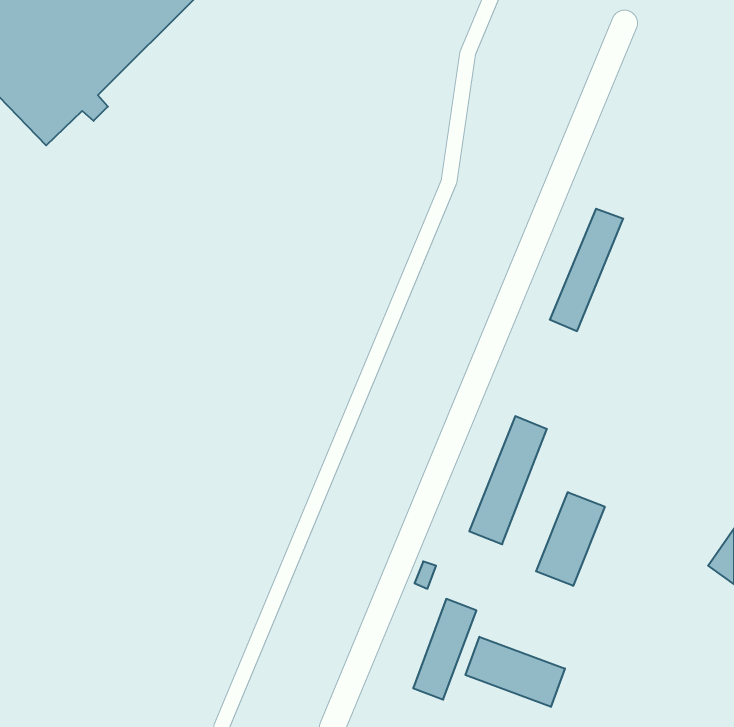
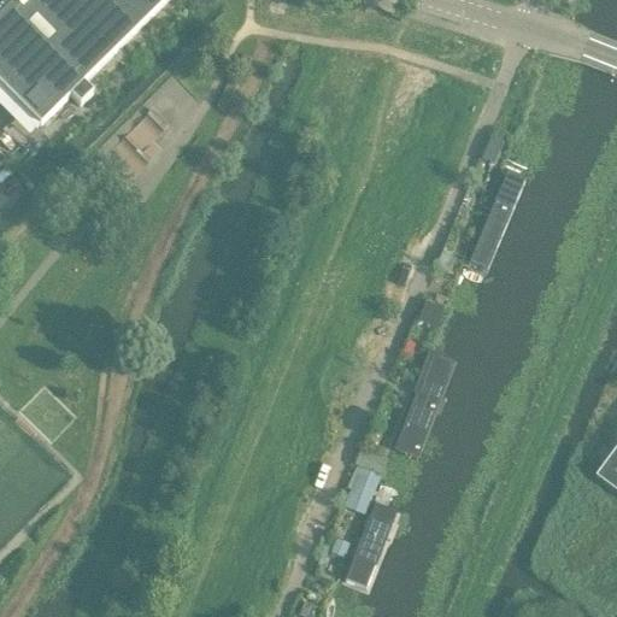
building: [536,492,605,586] -> none
building: [465,637,565,707] -> none

